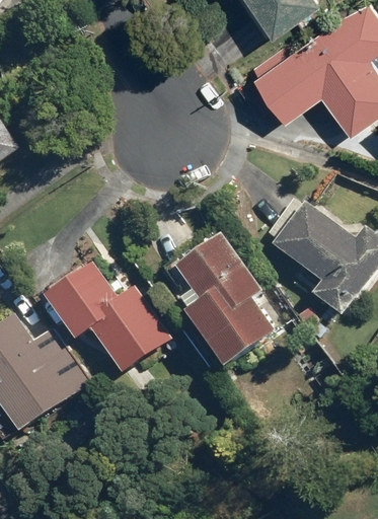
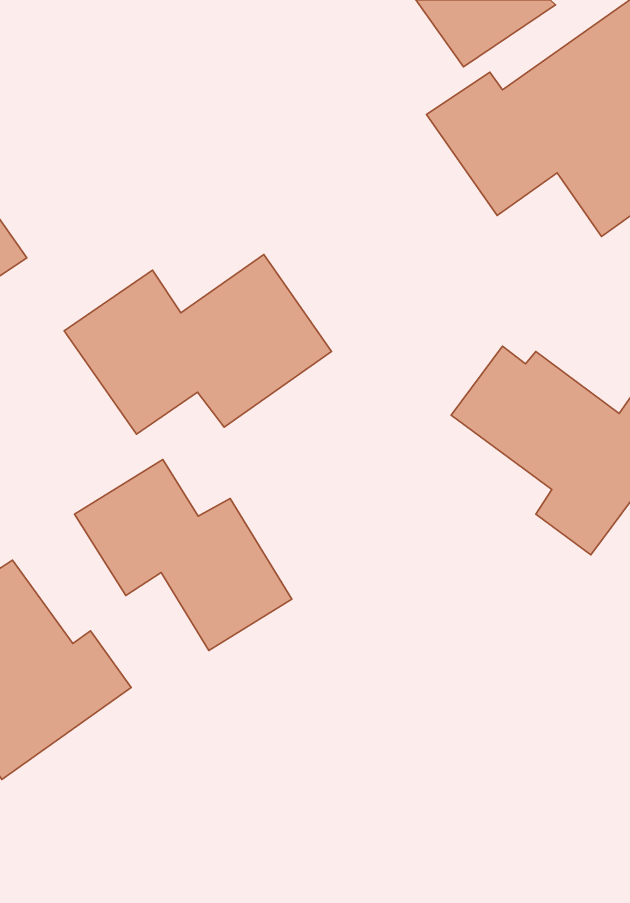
building: none -> [64,254,332,434]
building: [178,235,281,370] -> none

